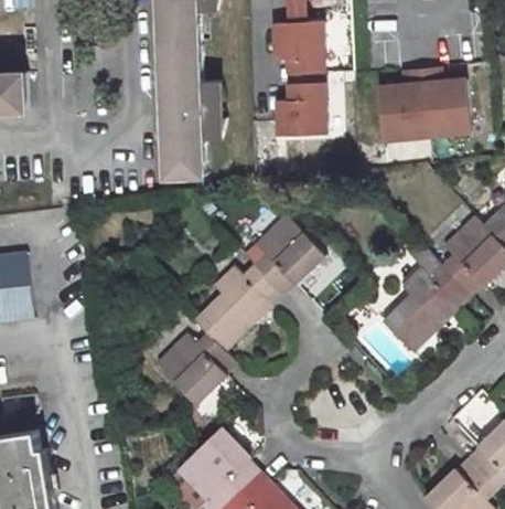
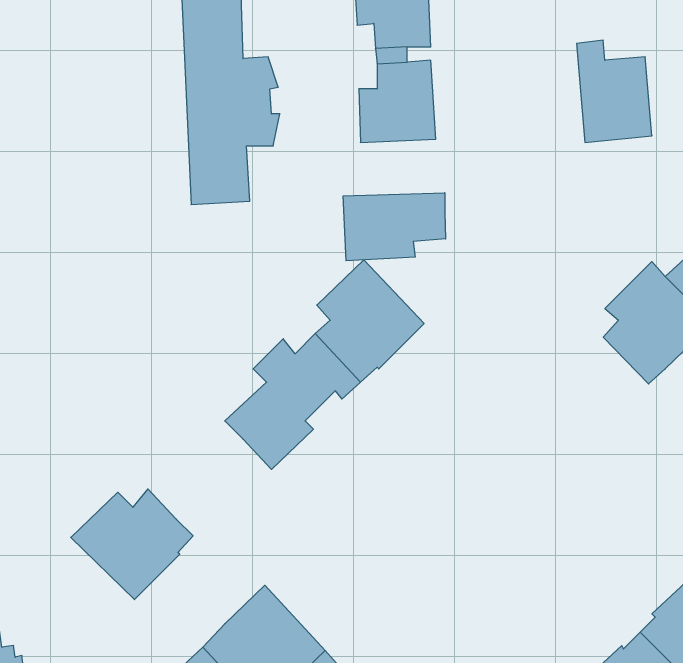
building: [379,72,428,140] -> none
building: none -> [343,193,446,261]
building: [379,242,470,353] -> none
building: [152,332,233,405] -> [71,489,193,600]

